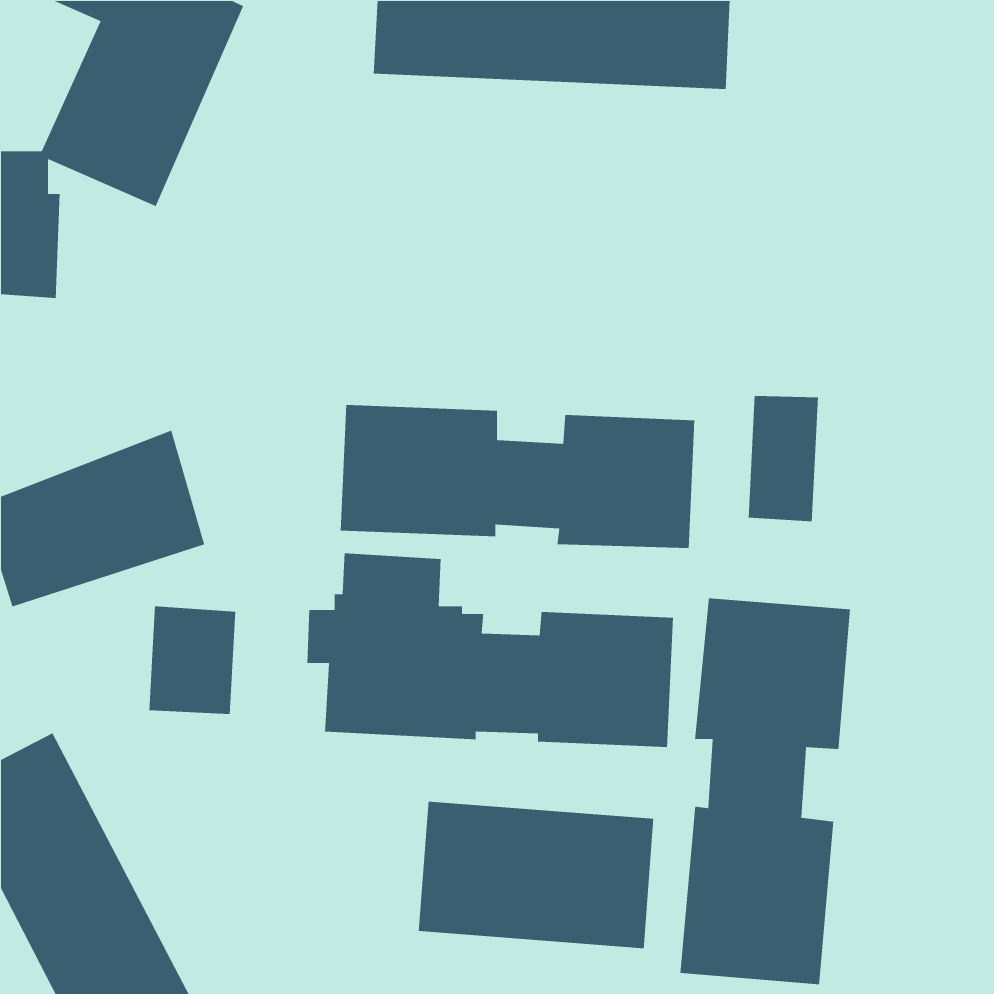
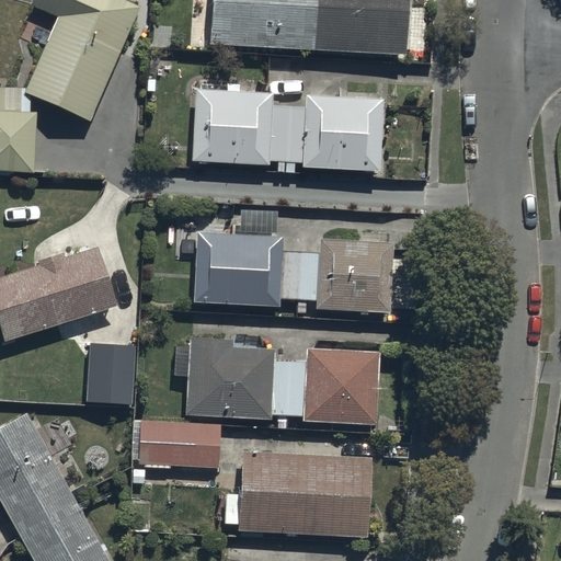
building: none -> [194,89,388,173]
building: [748,395,819,522] -> none
building: [679,597,851,985] -> none
building: none -> [131,421,219,468]

